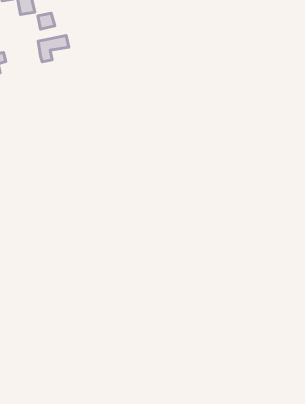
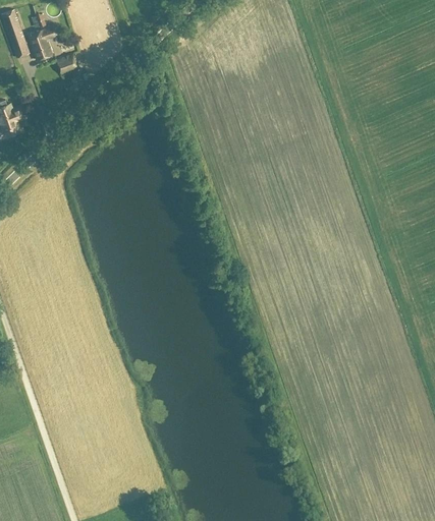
building: [38,36,69,62] -> none

